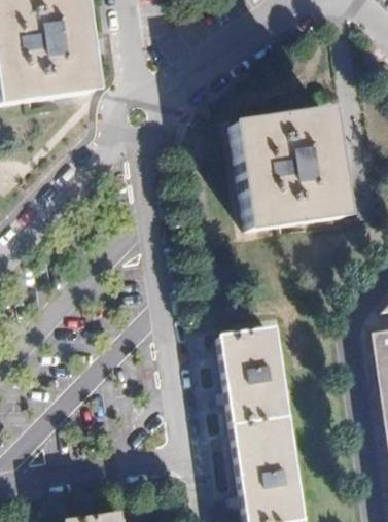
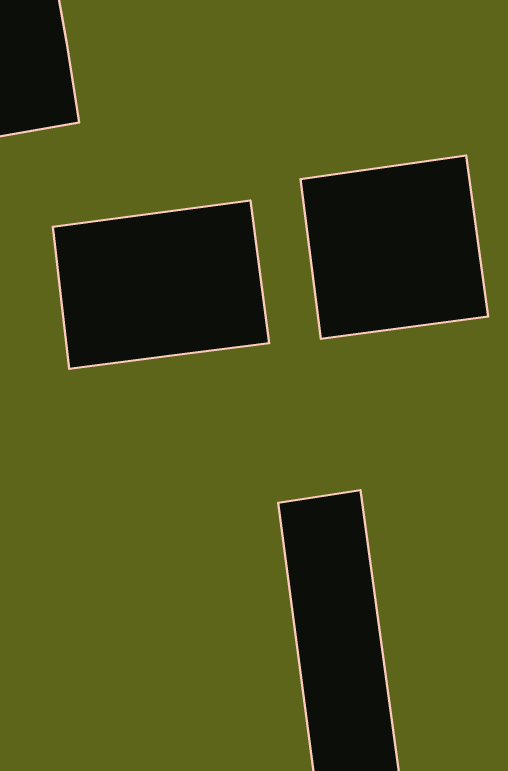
building: none -> [53,200,269,369]

